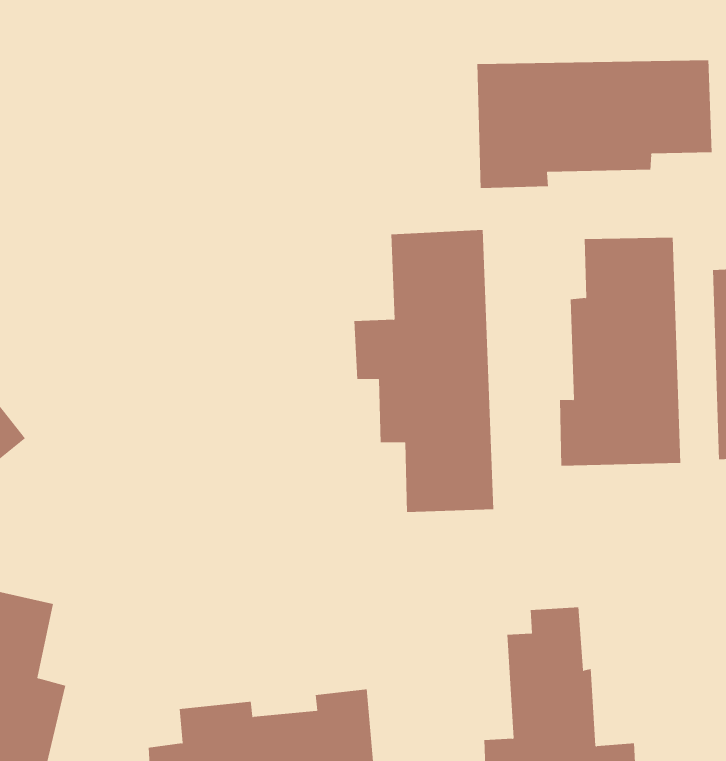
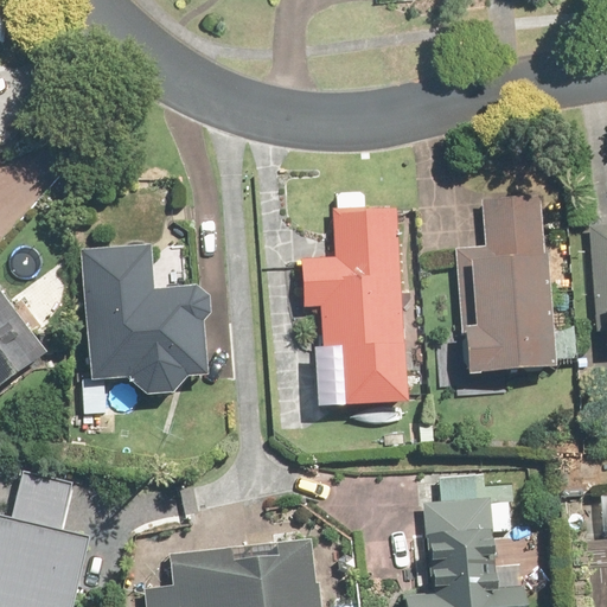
building: [477,59,712,189] -> none
building: none -> [79,243,207,395]

